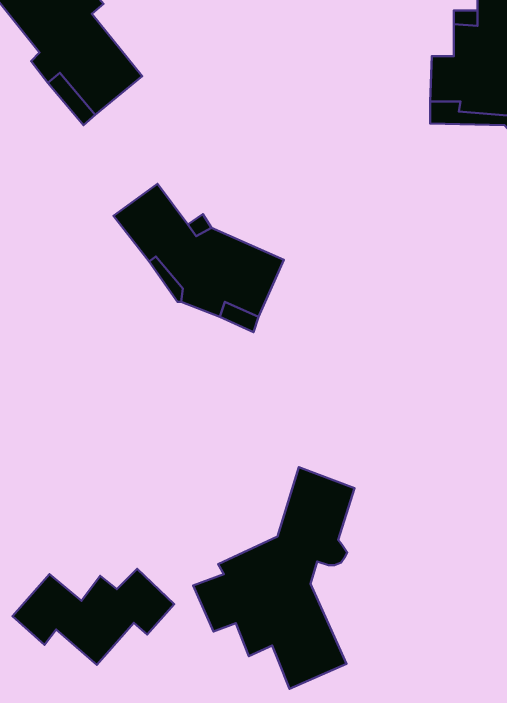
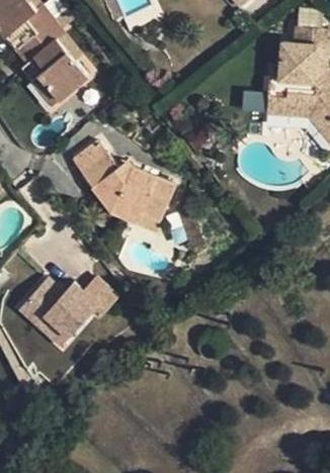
building: [193,467,355,689] -> none
building: [13,569,174,665] -> [20,279,117,337]

